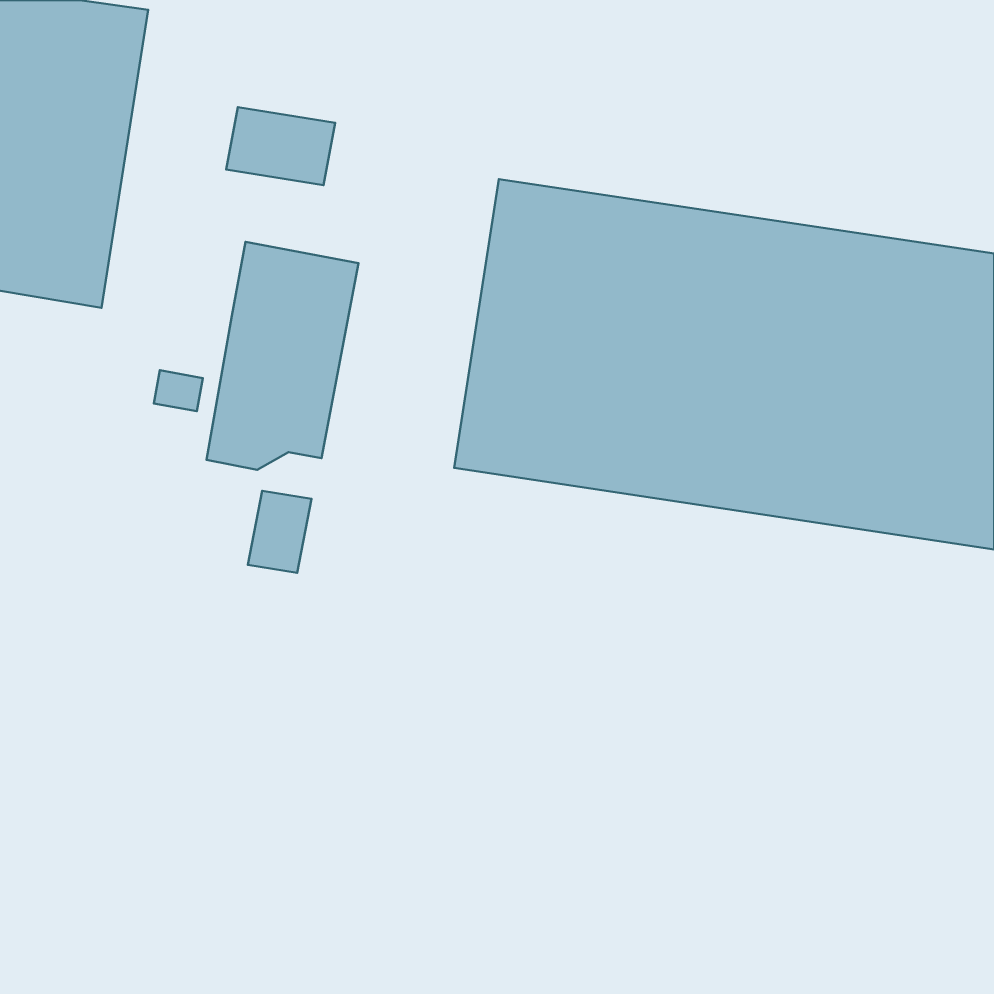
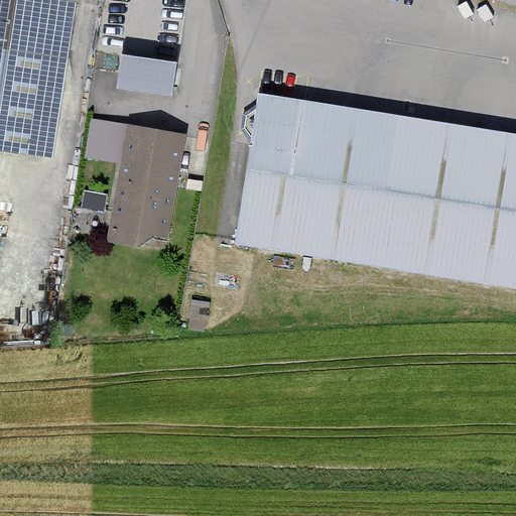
building: none -> [85,120,127,164]
building: [248,491,311,573] -> none

